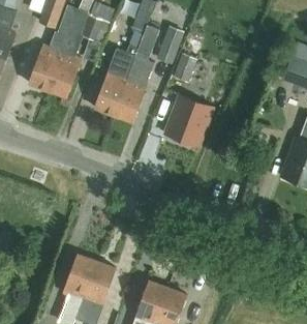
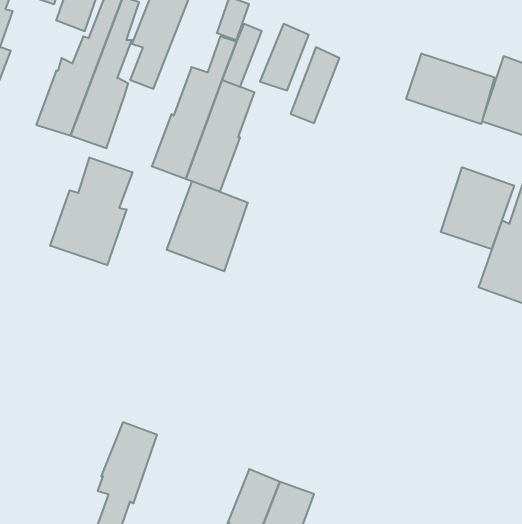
building: none -> [406,53,495,124]
building: [165,94,212,146] -> [167,181,248,271]
building: none -> [50,157,132,265]
building: none -> [441,167,514,249]
building: [84,261,116,306] -> none

